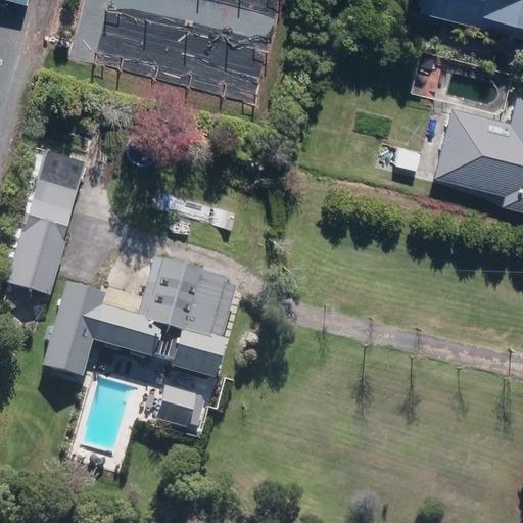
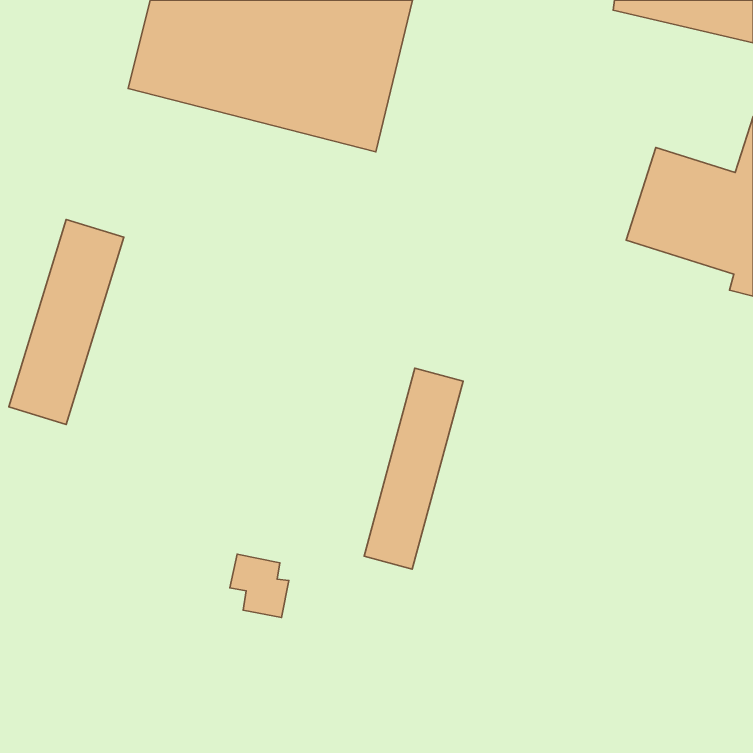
building: none -> [364,368,463,569]
building: [44,260,236,378] -> none

